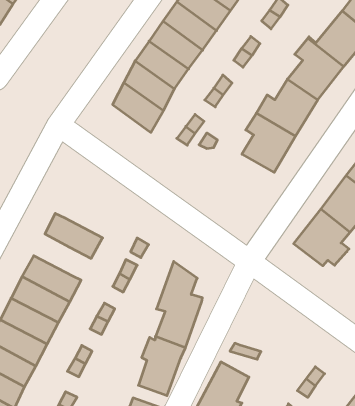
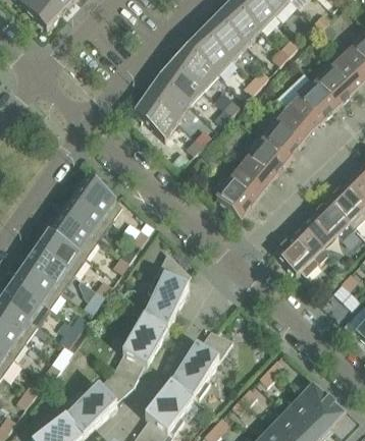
building: none -> [214,163,265,217]
building: none -> [72,174,122,223]
building: none -> [49,213,98,257]

